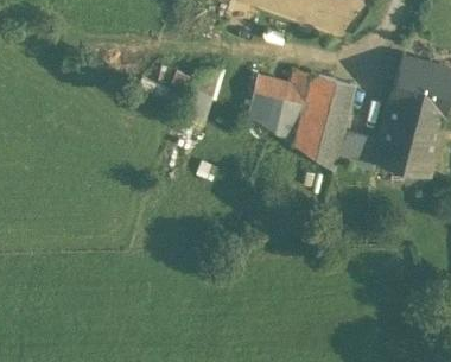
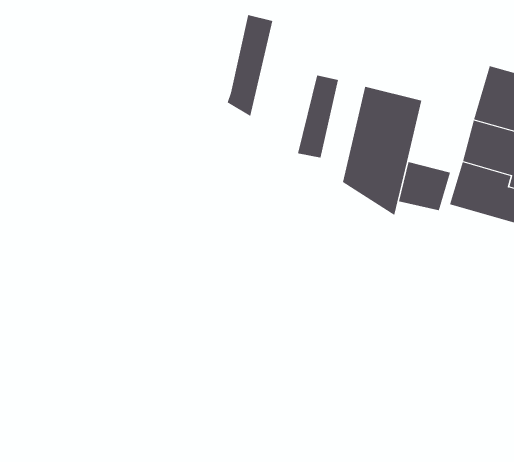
building: [275,70,310,146] -> [227,15,273,117]

